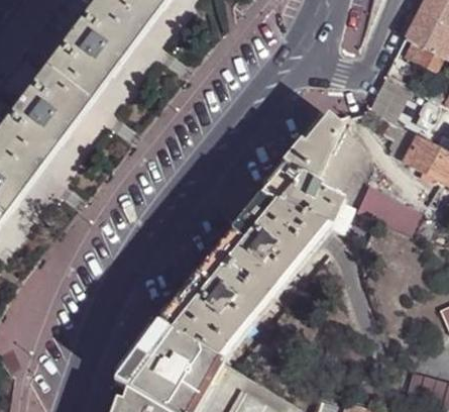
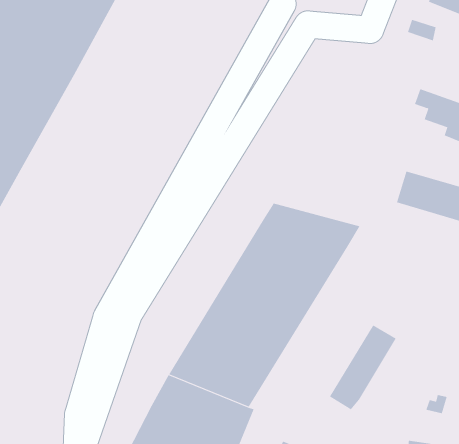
building: [257,120,372,233] -> none
building: none -> [329,324,396,410]

